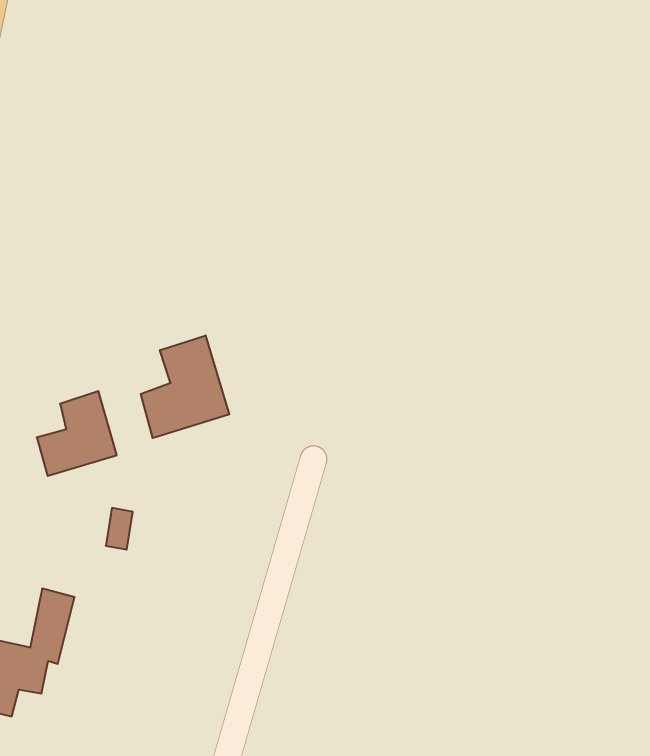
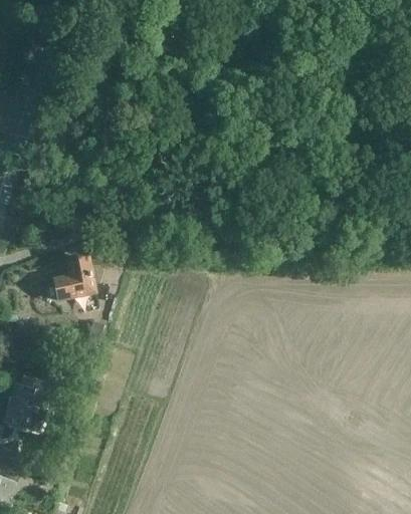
building: [141,335,229,438] -> none

